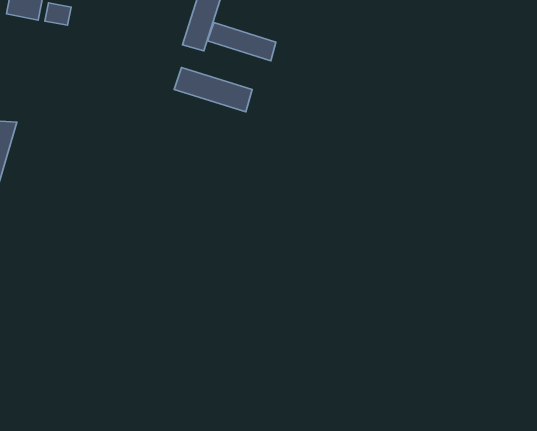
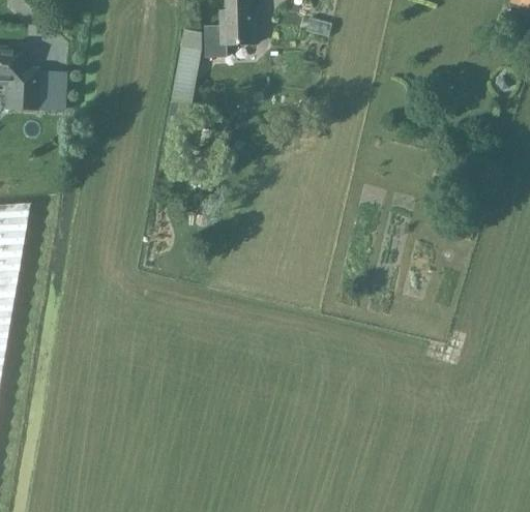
building: [208,23,276,61] -> none
building: [174,67,252,112] -> none

